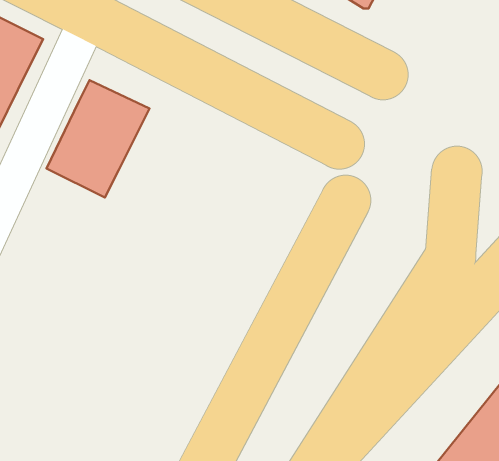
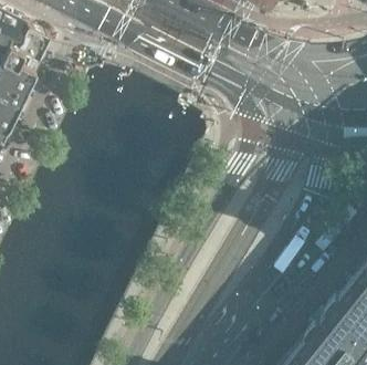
building: [46,80,149,198] -> none

